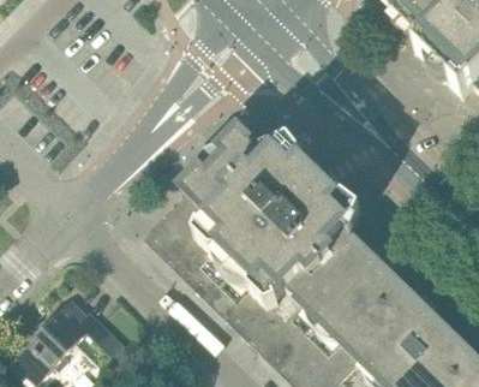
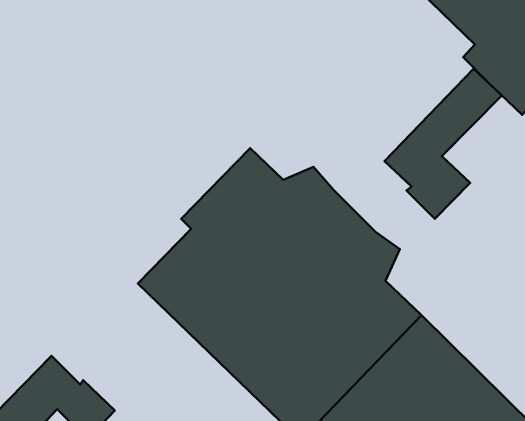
building: none -> [384,69,502,219]

